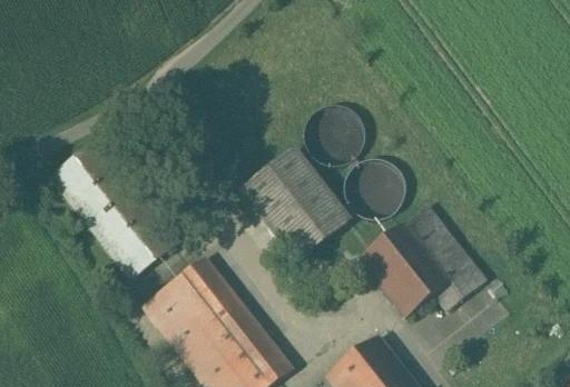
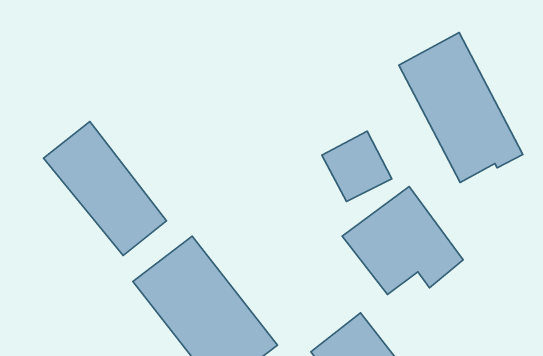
building: none -> [399,33,523,182]
building: [322,112,364,158] -> none
building: [240,148,350,260] -> none

